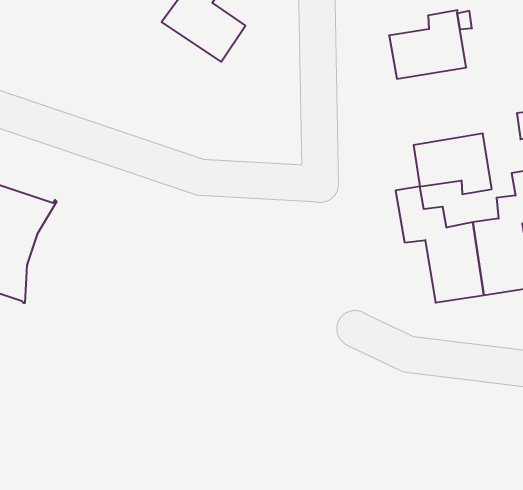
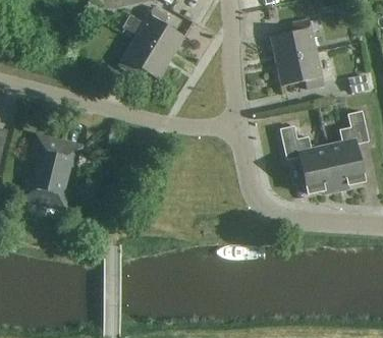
building: none -> [117,36,171,79]
building: [414,134,492,194] -> [276,52,324,89]

